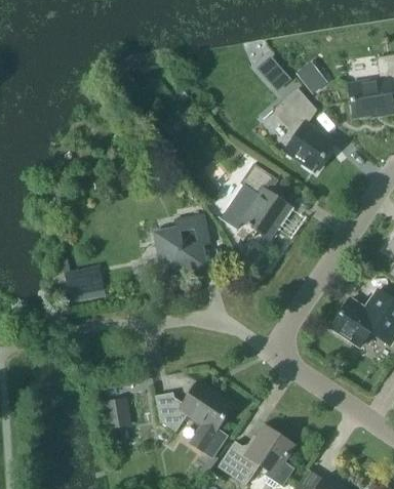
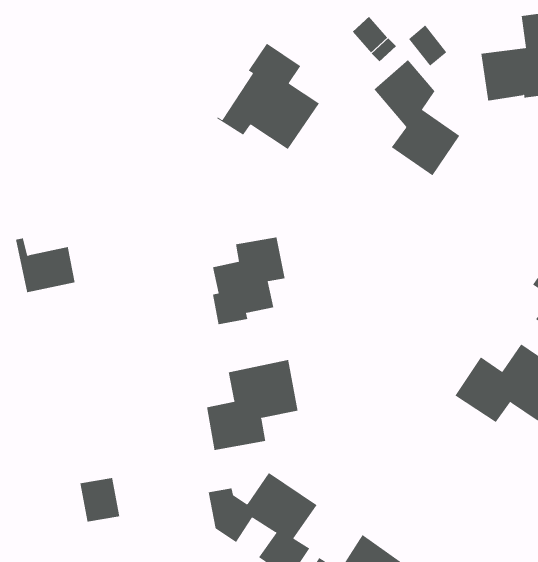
building: [218,163,291,239] -> [216,43,320,150]
building: [61,257,104,296] -> [15,238,76,293]
building: none -> [207,359,298,451]
building: [103,397,131,429] -> [80,477,120,522]

